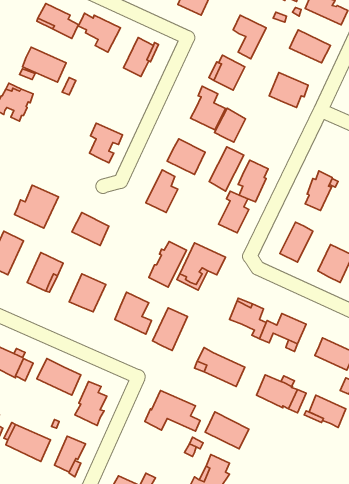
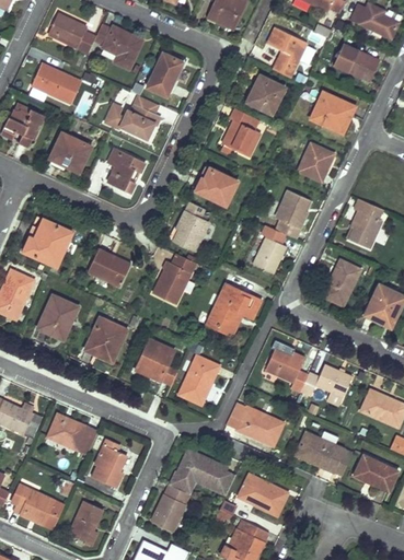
building: none -> [105,95,159,138]
building: [214,108,246,142] -> [298,142,333,180]
building: none -> [49,132,91,172]
building: [209,147,244,191] -> none
building: [149,241,187,287] -> [152,253,195,304]
building: none -> [151,485,191,533]

